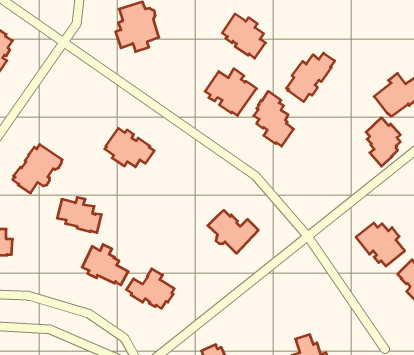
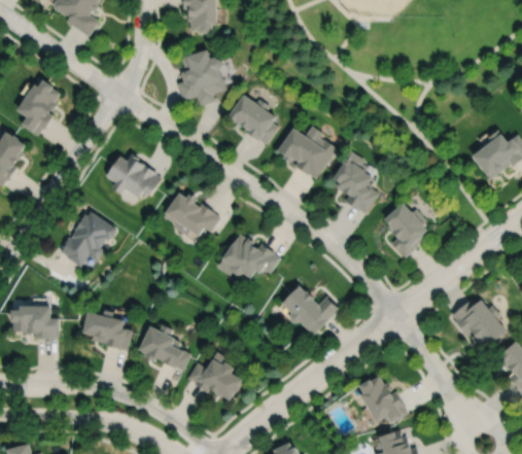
building: [222,14,266,58] -> [229,94,278,144]
building: [286,53,335,102] -> none
building: none -> [105,153,161,198]
building: [366,118,400,166] -> [386,203,425,258]
building: none -> [217,234,280,279]
building: [57,197,102,233] -> [81,311,132,351]
building: none -> [361,373,407,425]

